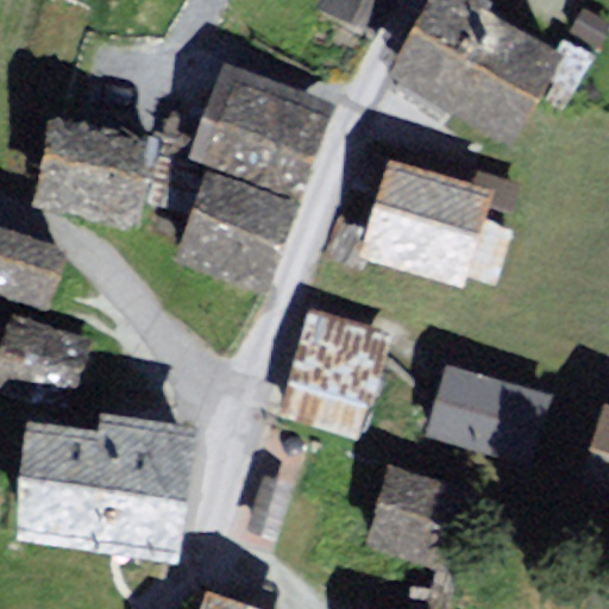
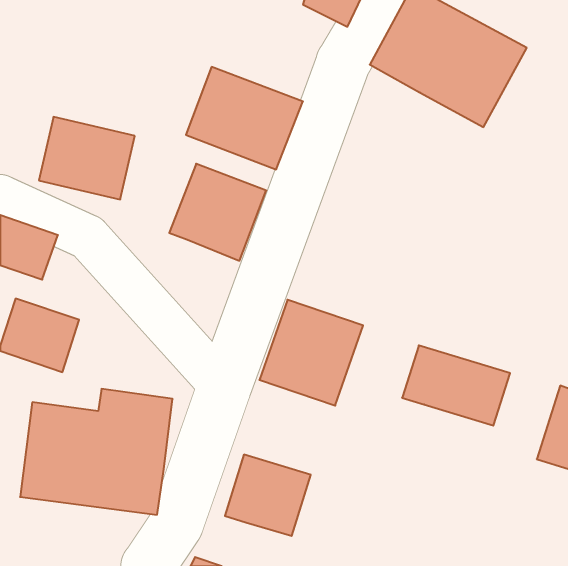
building: [366,167,483,275] -> none
building: [371,469,463,555] -> [225,455,311,536]

